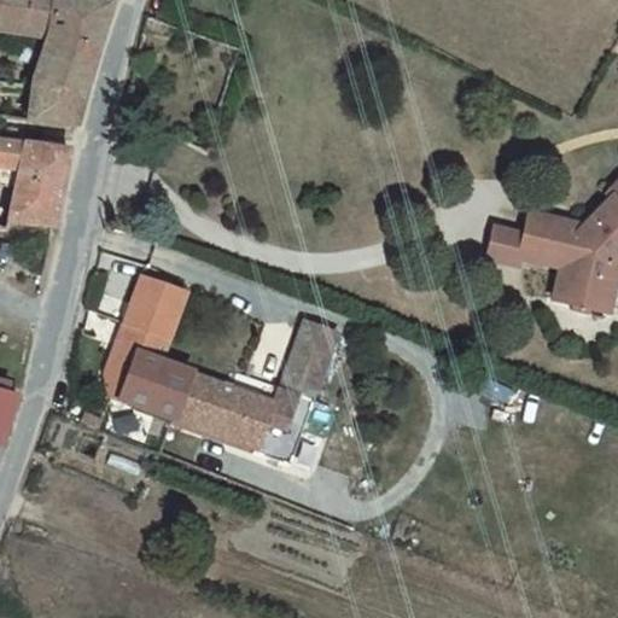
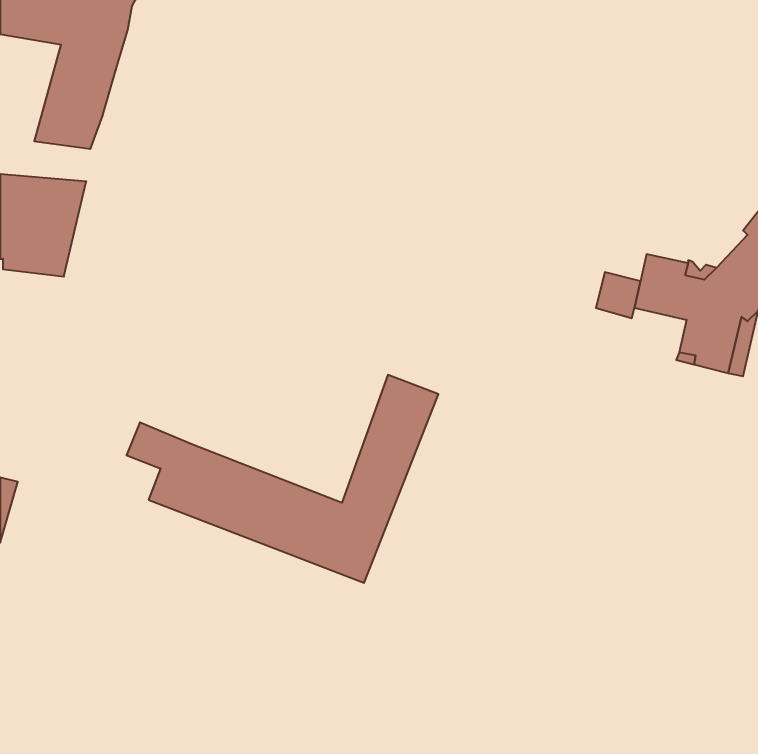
building: [115,275,183,361] -> none

